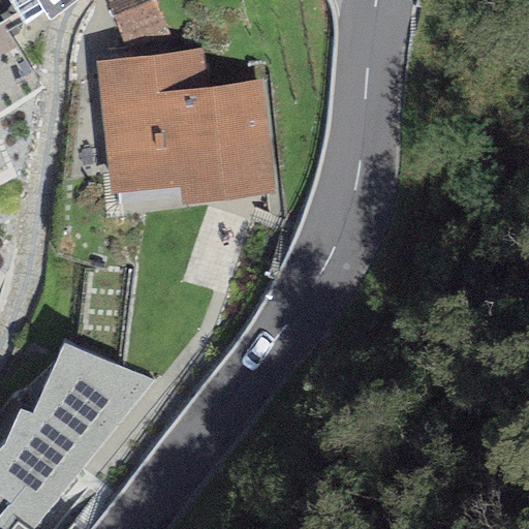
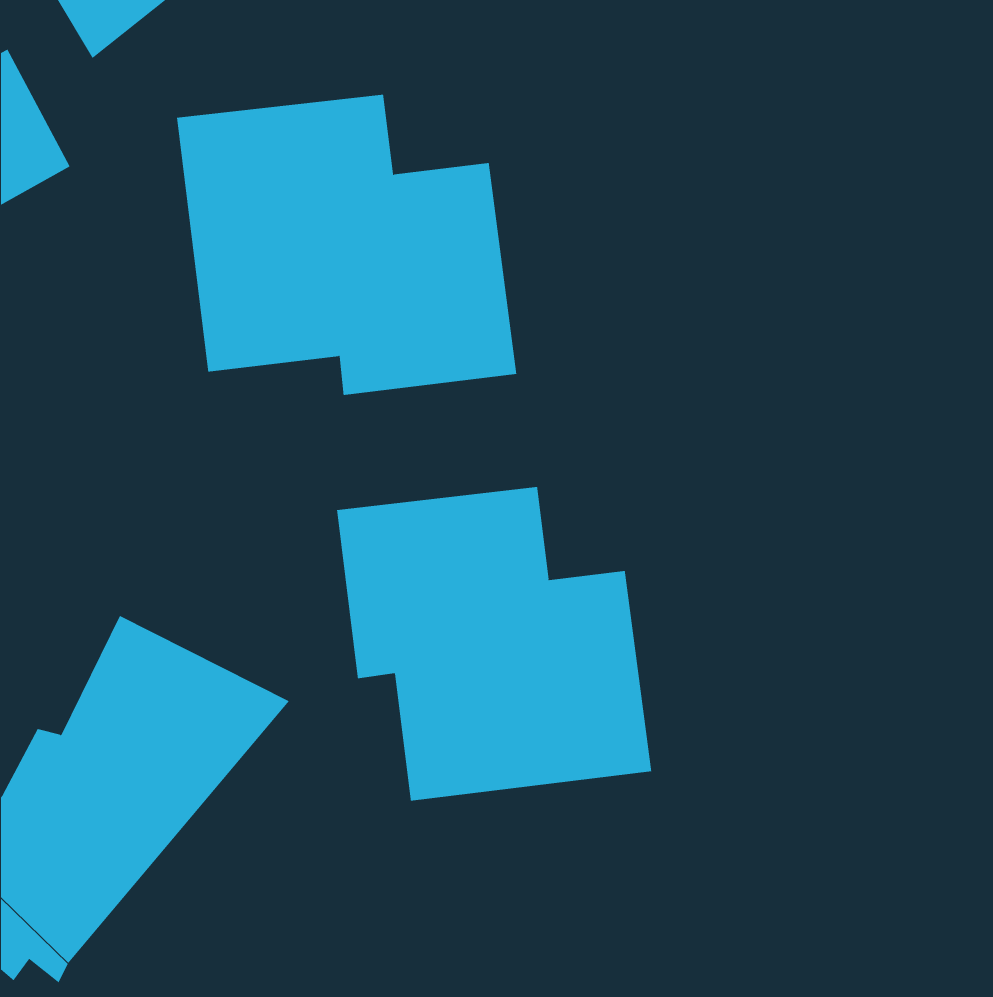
building: none -> [337,486,652,802]

